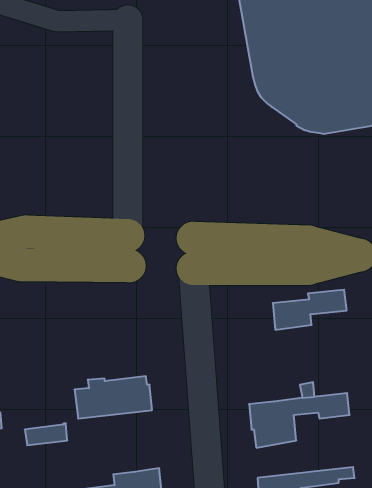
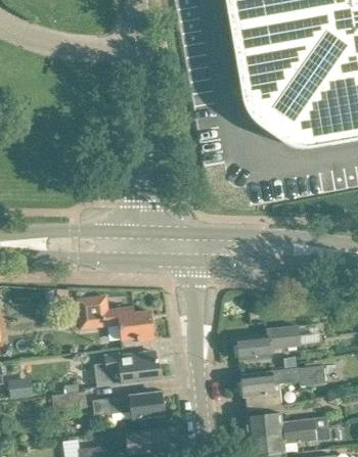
building: [273,290,347,330] -> [236,327,299,361]
building: none -> [77,296,153,341]
building: none -> [93,393,163,419]
building: none -> [245,413,328,438]

